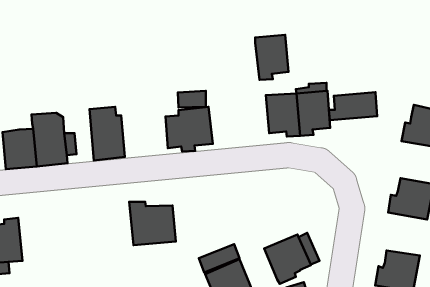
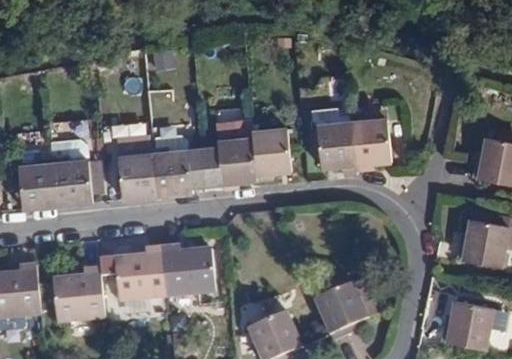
building: [255,35,289,80] -> [252,129,290,180]
building: [329,92,377,120] -> none
building: none -> [153,136,206,195]
building: none -> [115,246,167,300]
building: none -> [53,268,105,320]

